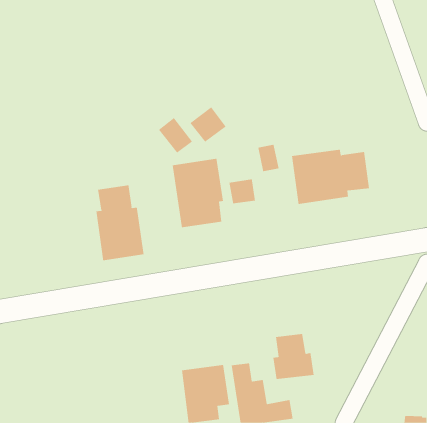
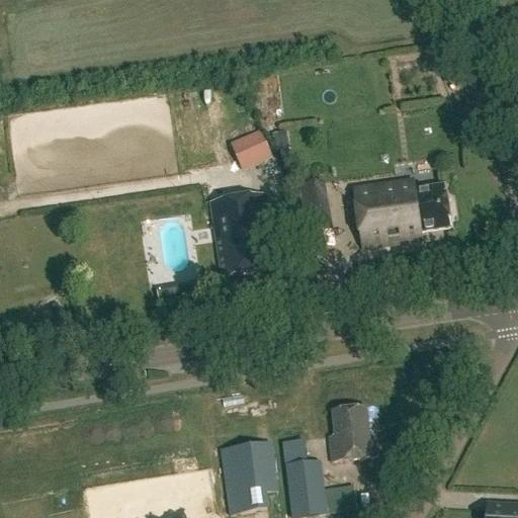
building: [158,117,193,154] -> none
building: [229,178,256,204] -> none
building: [96,184,144,261] -> none

